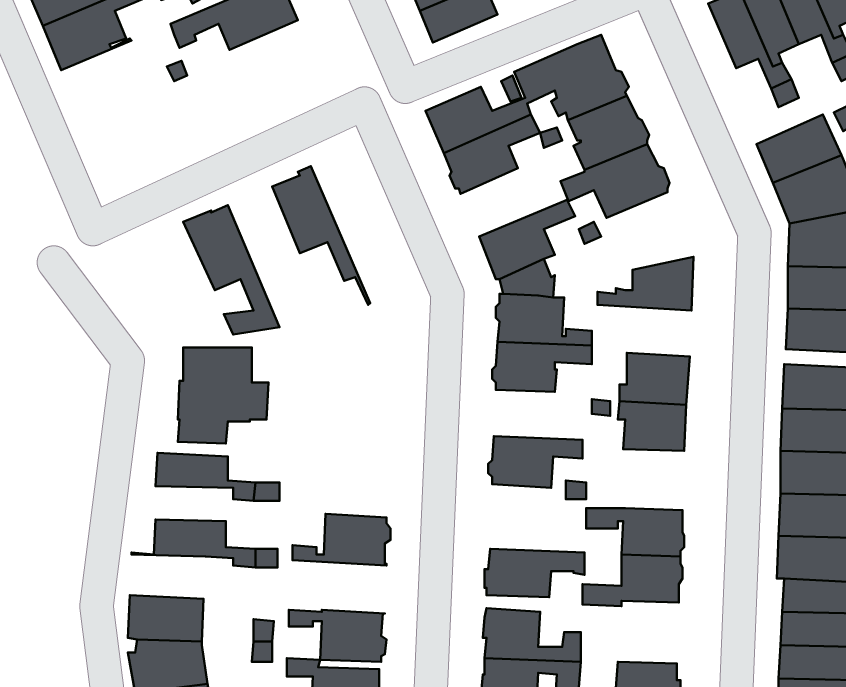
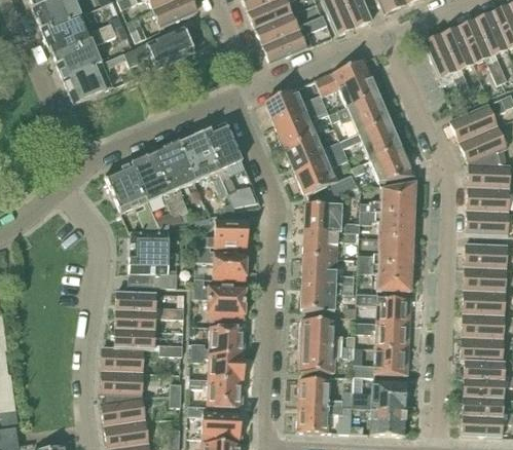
building: none -> [64,52,126,103]
building: none -> [203,122,243,208]
building: none -> [286,133,345,171]
building: none -> [156,142,196,221]
building: none -> [363,146,414,182]
building: none -> [105,162,159,227]
building: none -> [361,209,414,237]
building: none -> [195,218,251,279]
building: none -> [302,256,355,284]
building: none -> [194,277,246,315]
building: none -> [357,293,411,323]
building: none -> [116,309,159,329]
building: none -> [300,317,356,346]
building: none -> [102,347,144,372]
building: none -> [191,350,245,380]
building: none -> [353,379,409,408]

